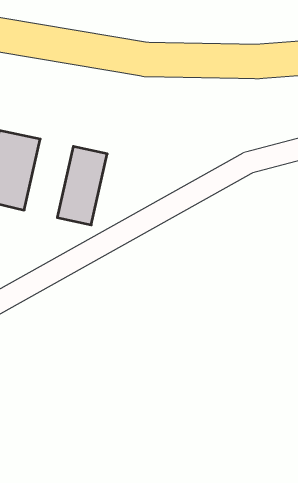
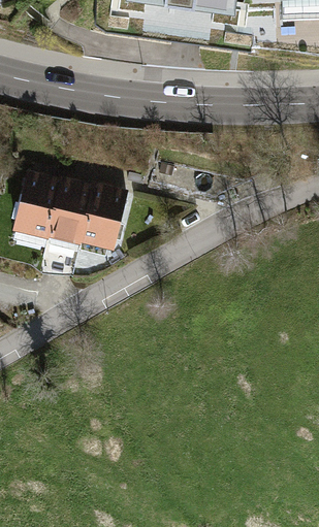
building: none -> [51,177,98,254]

